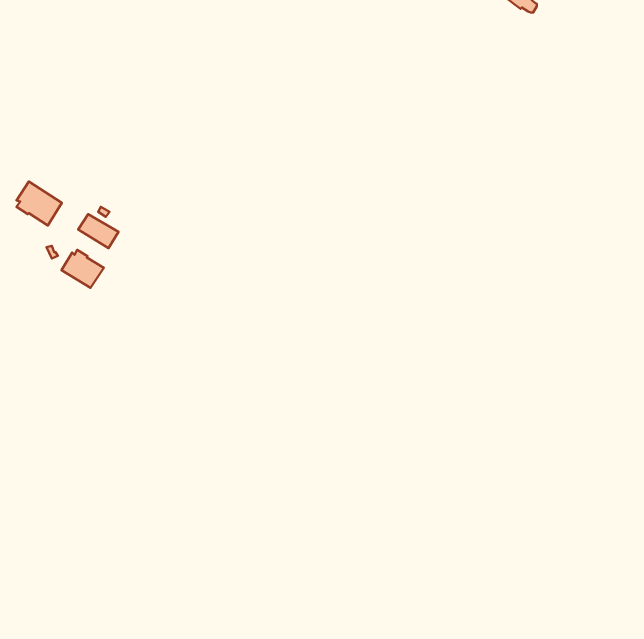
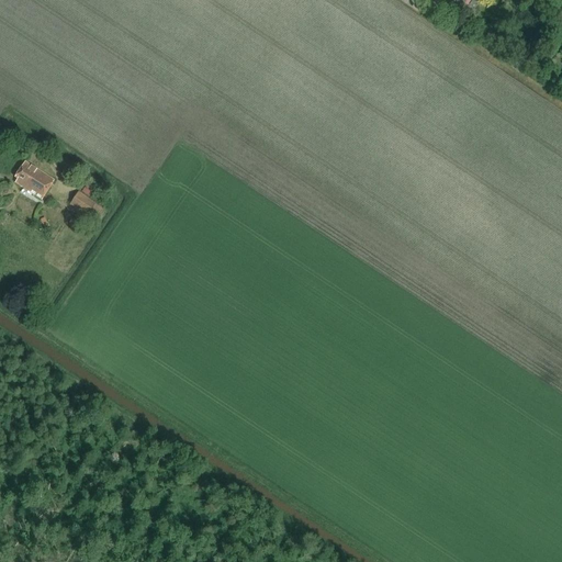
building: [62,250,104,288] -> none

